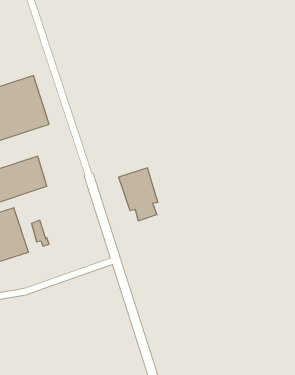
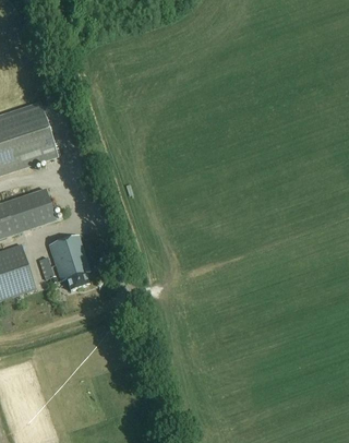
building: [119,168,158,221] -> [48,235,89,290]

